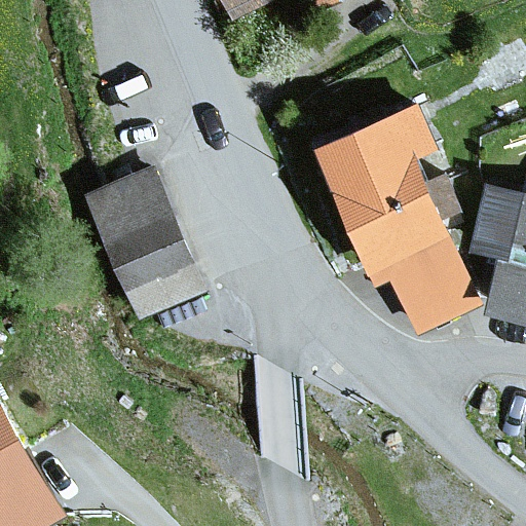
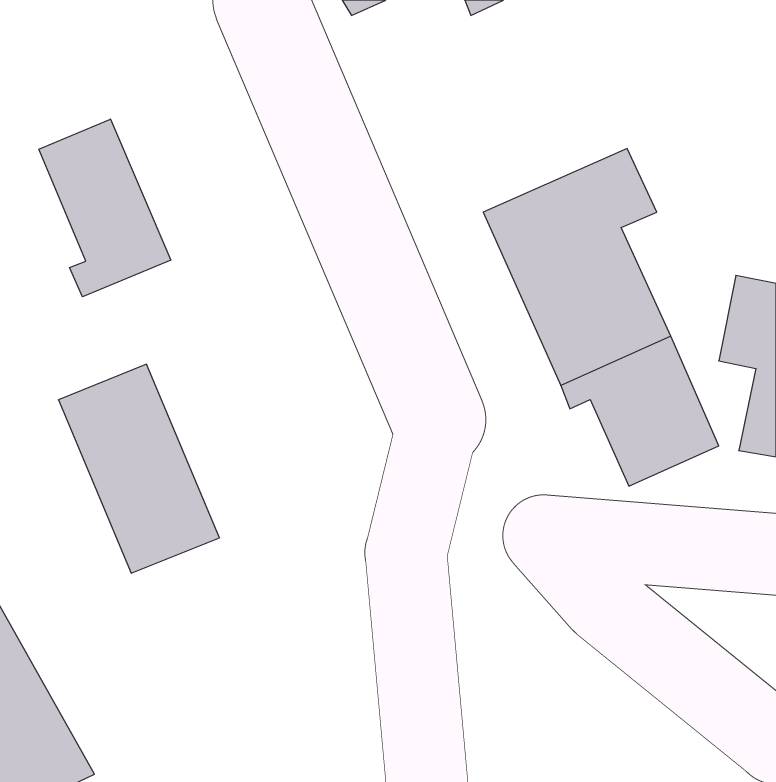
building: none -> [39,119,171,297]
building: [89,174,196,312] -> [58,364,219,573]

